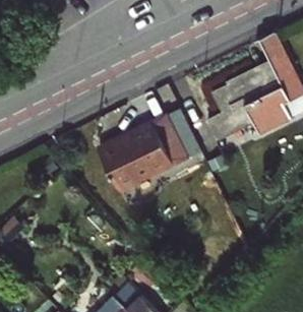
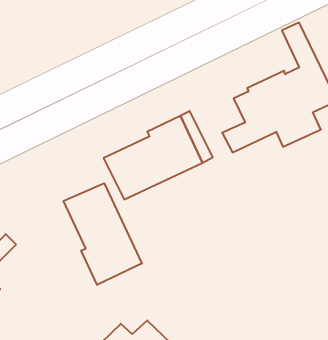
building: none -> [64,183,142,285]

